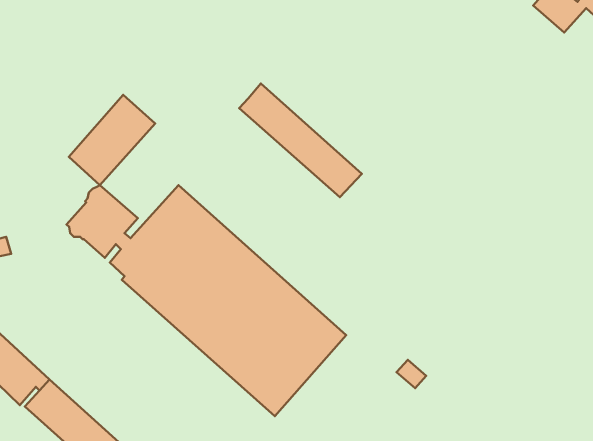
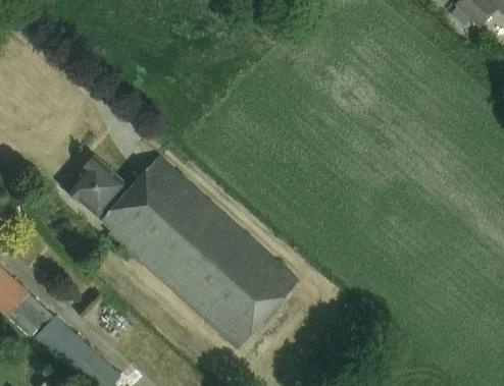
building: [239,84,362,197] -> none
building: [69,95,155,185] -> none

